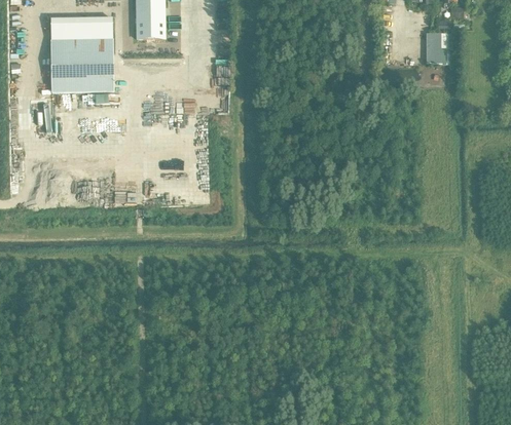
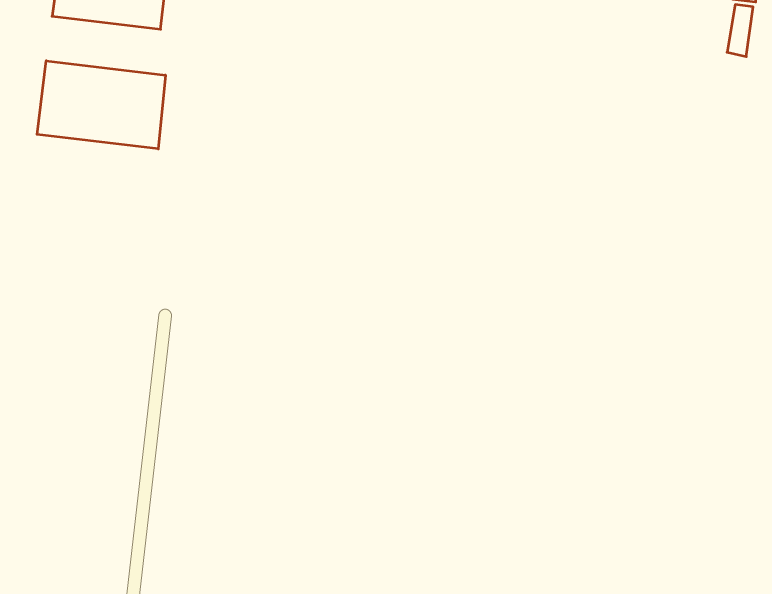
building: none -> [37,61,165,149]

